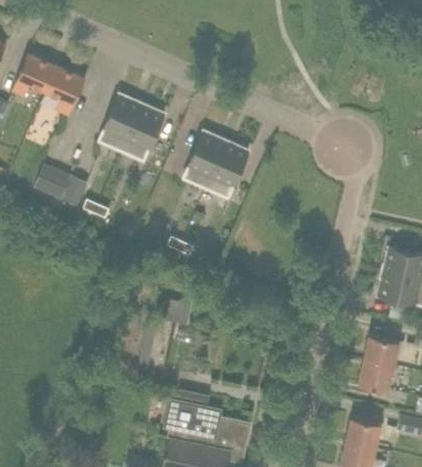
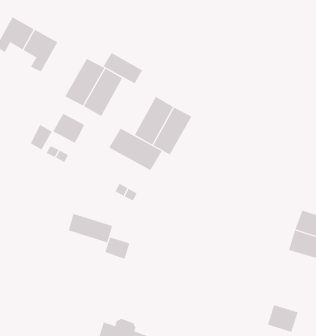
building: none -> [103,52,143,84]
building: [34,165,71,199] -> [52,113,85,143]
building: none -> [109,128,162,171]
building: none -> [68,213,113,243]
building: [364,335,398,366] -> none

